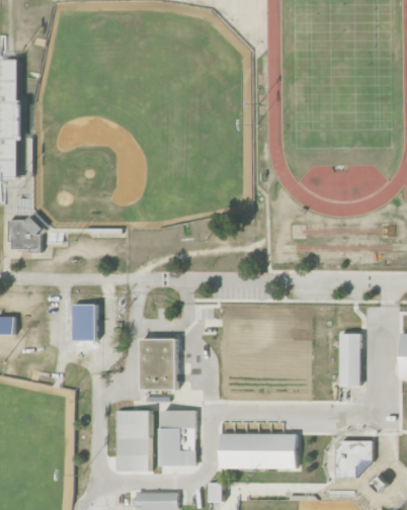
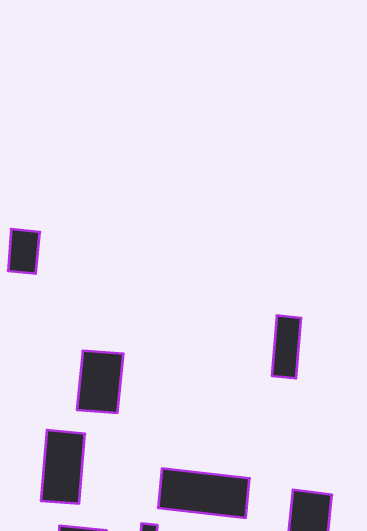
building: [73,304,98,340] -> [8,229,40,274]
building: [338,333,360,386] -> [272,316,301,378]
building: [161,410,195,465] -> none

